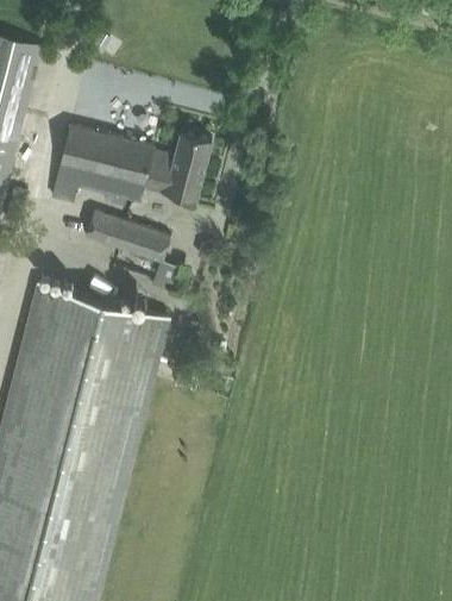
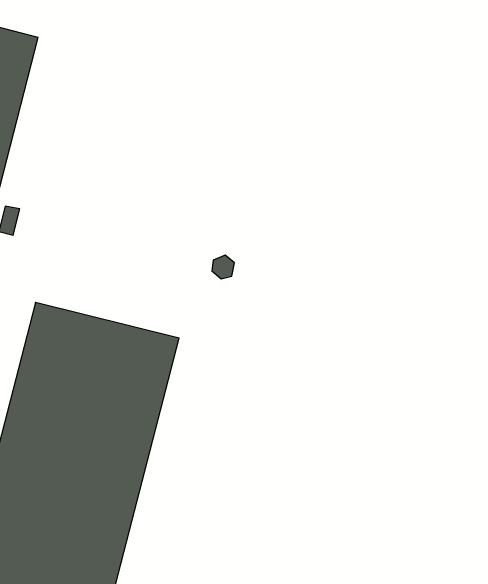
building: [50,126,209,204] -> none
building: [84,213,177,293] -> none

